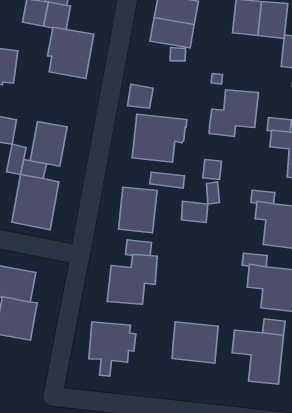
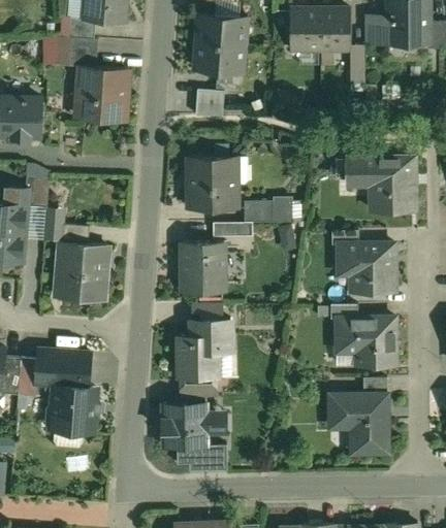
building: [127,84,153,108] -> [195,89,223,114]
building: [209,90,258,136] -> none
building: [30,122,67,166] -> none
building: [181,201,208,222] -> [243,200,273,222]
building: none -> [179,376,216,397]
building: [172,322,218,363] -> none
building: none -> [189,446,225,469]

